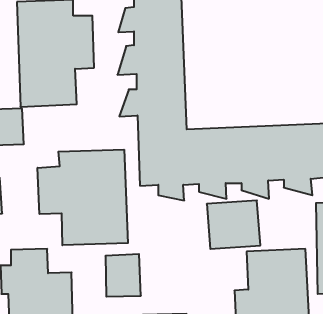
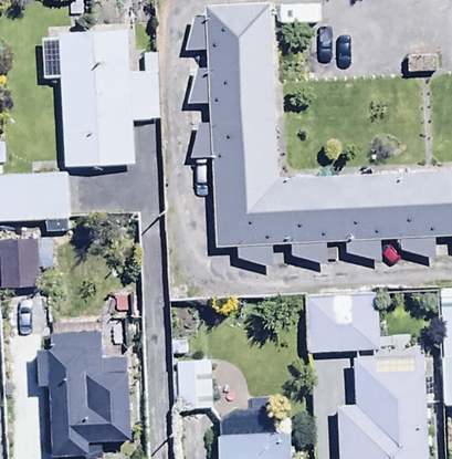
building: [38,150,128,245] -> none

